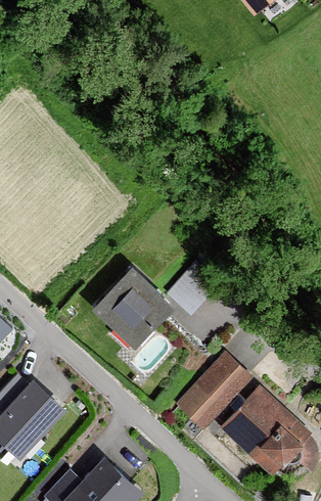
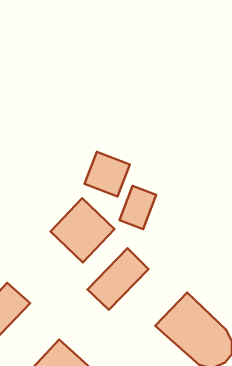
building: none -> [84,152,130,197]
building: [177,358,254,436] -> [88,248,149,310]

